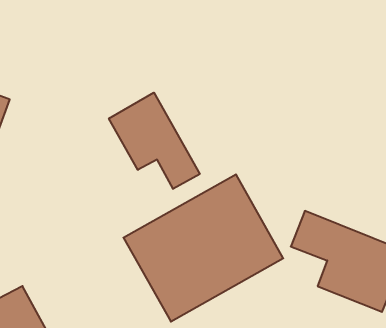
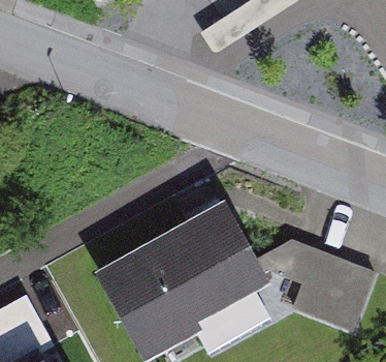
building: [109,93,200,189] -> none

